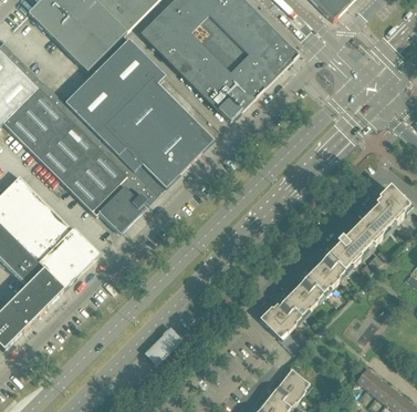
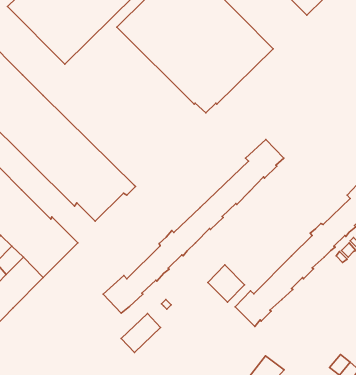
building: [64,39,213,195] -> none
building: none -> [103,139,284,313]
building: none -> [208,265,245,302]

